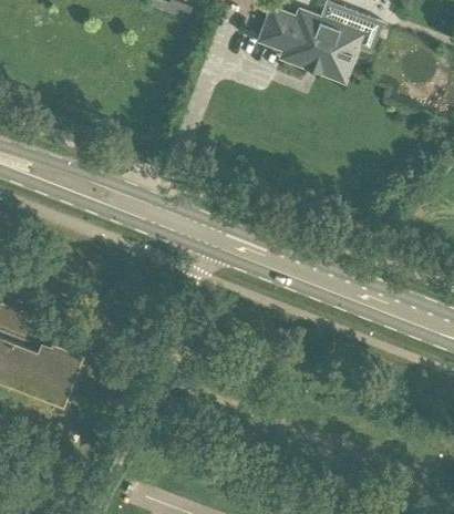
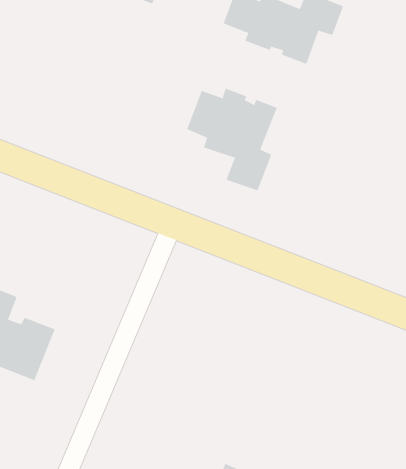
building: none -> [186,88,277,191]

